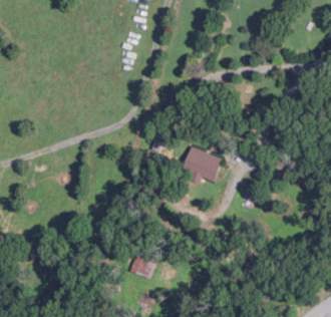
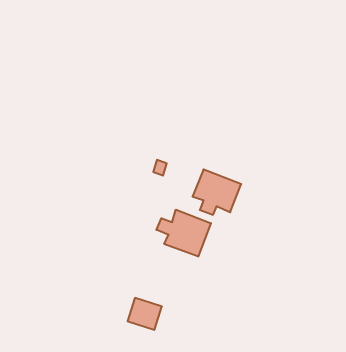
building: none -> [156,210,211,257]

